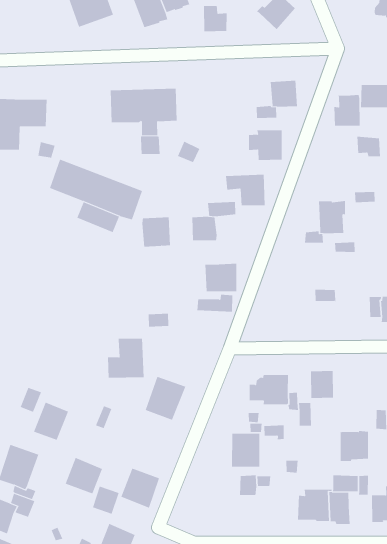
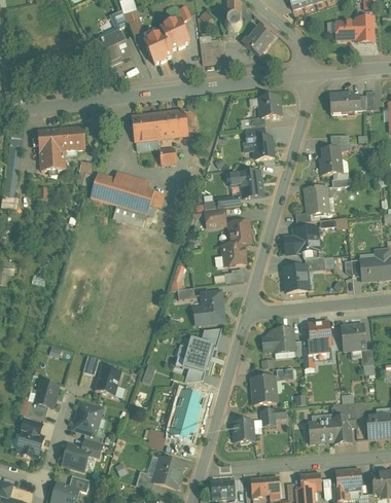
building: [333,95,360,126] -> [320,146,343,173]
building: [142,217,171,247] -> [227,218,252,244]
building: none -> [285,225,320,253]
building: none -> [284,263,309,290]
building: [107,338,144,378] -> [194,289,225,323]
building: [340,431,369,462] -> [342,323,366,349]
building: [65,457,103,494] -> [176,389,205,417]
building: none -> [235,419,254,441]

